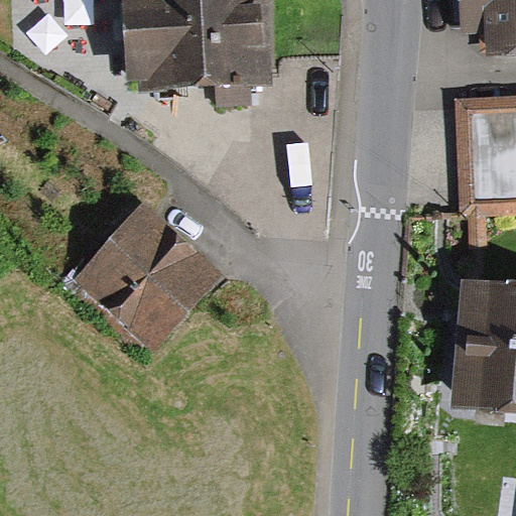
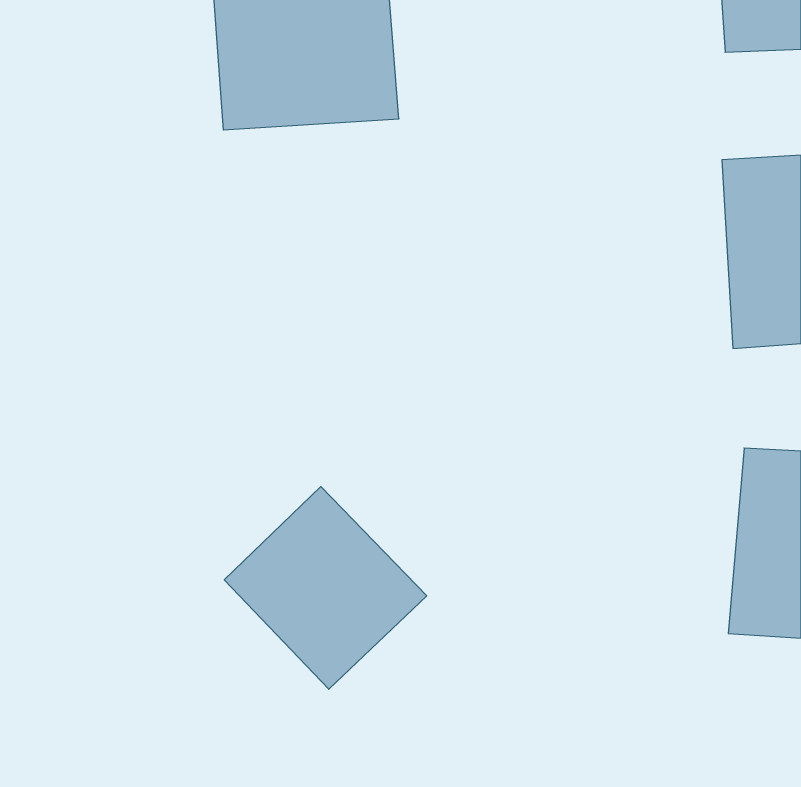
building: [91,212,220,341] -> [224,487,427,689]

